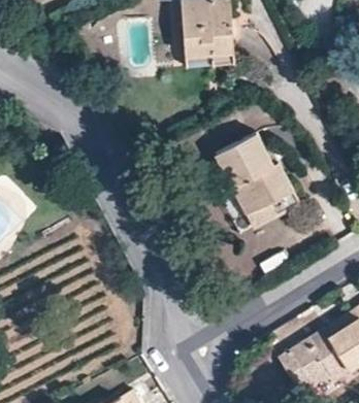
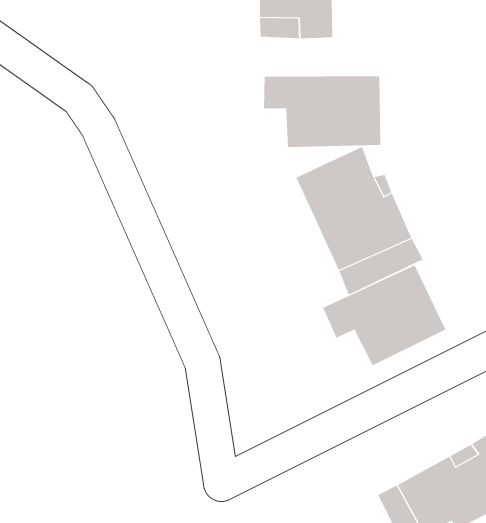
building: none -> [264,76,381,148]
building: none -> [322,264,446,366]

